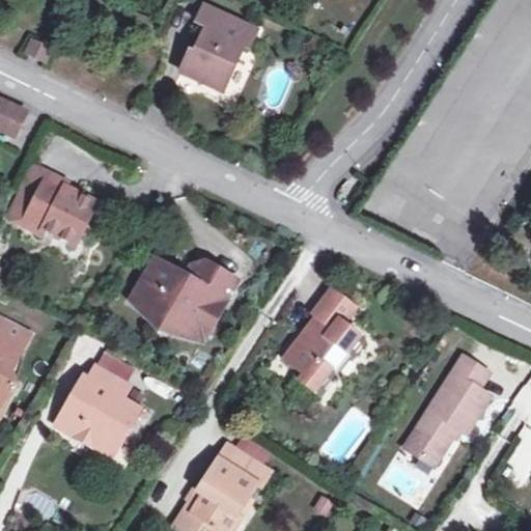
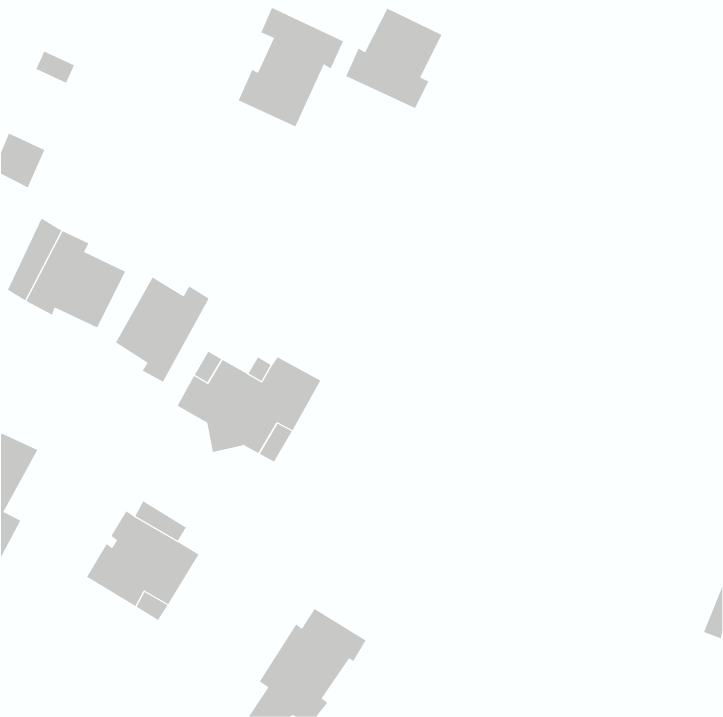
building: none -> [345,8,442,109]
building: none -> [115,276,209,382]
building: [280,286,364,393] -> none
building: [403,354,490,465] -> none

